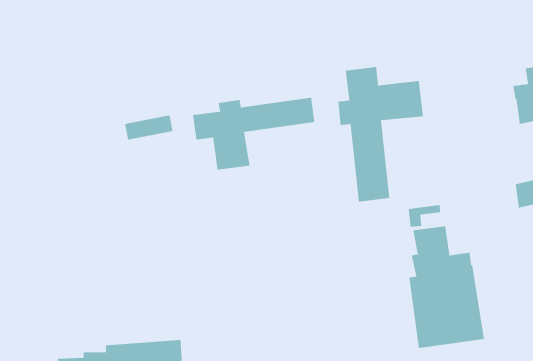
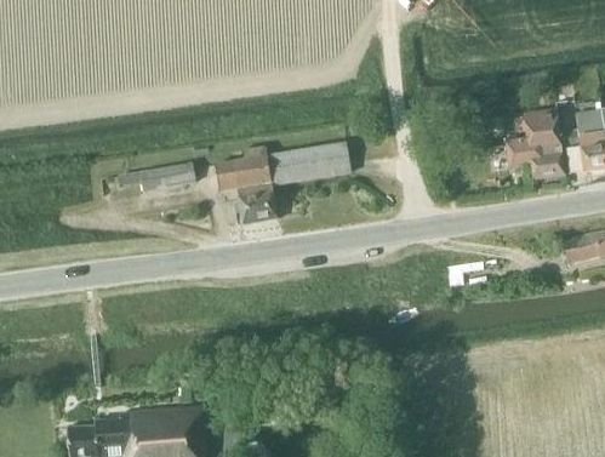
building: [337,66,424,203] -> none
building: none -> [507,113,564,178]
building: [408,225,485,349] -> none

